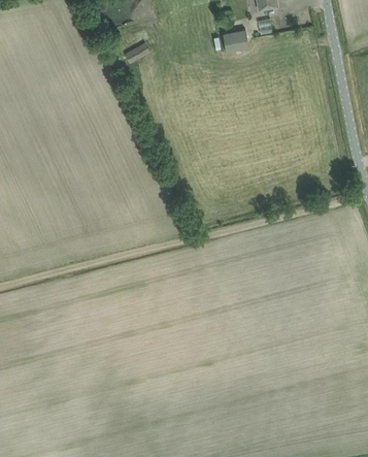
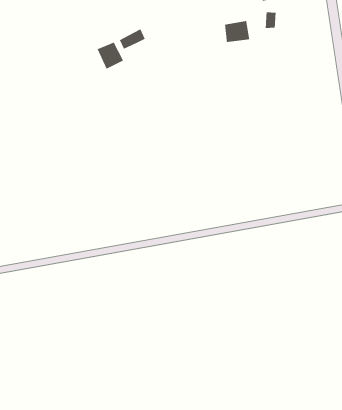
building: none -> [96,41,124,70]

